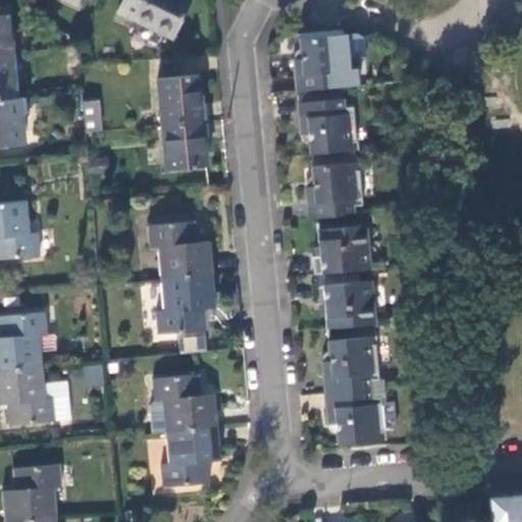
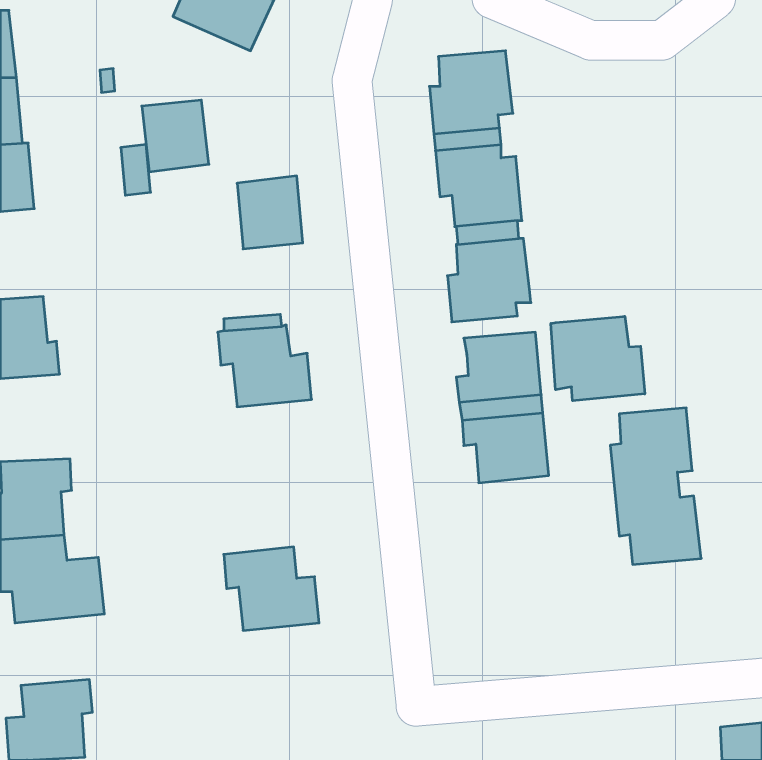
building: [157,76,203,125] -> [142,100,209,172]
building: none -> [551,316,645,401]
building: [157,273,216,334] -> none
building: [323,338,385,446] -> [610,408,701,564]
building: [161,426,222,488] -> none

